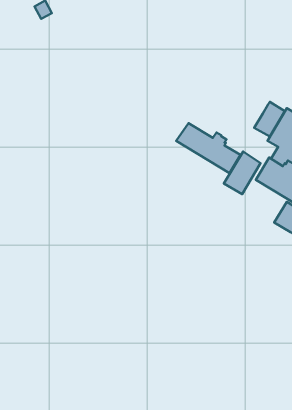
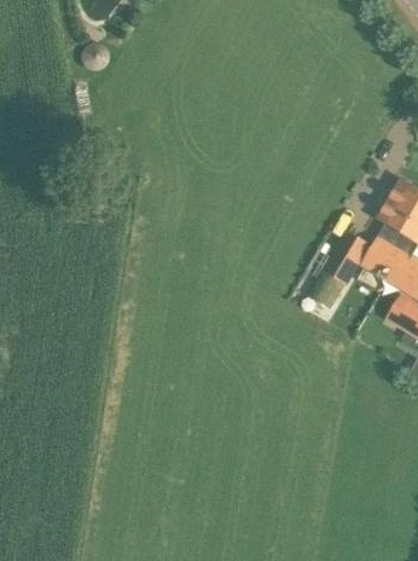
building: [254,102,285,137] -> none
building: [176,123,241,173] -> none

